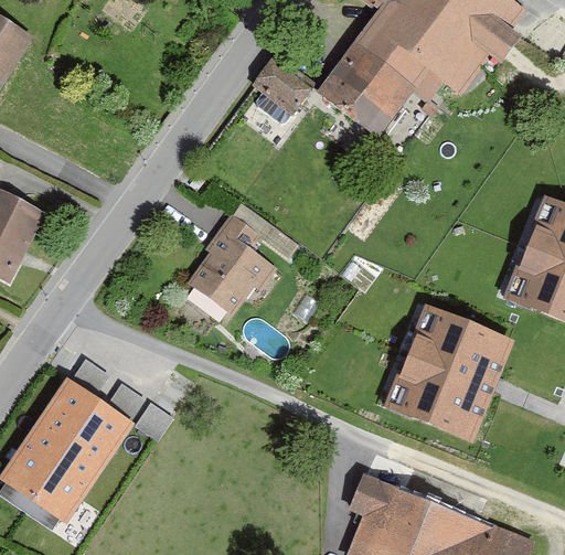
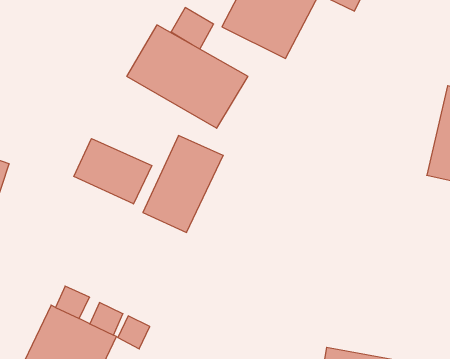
building: none -> [127,25,248,128]
building: none -> [74,139,152,204]
building: [390,311,508,437] -> none

